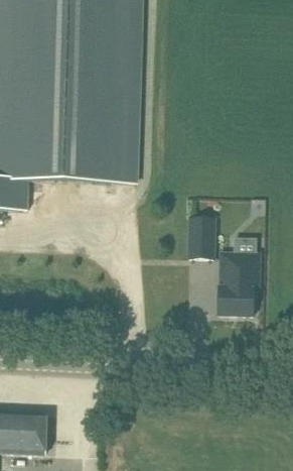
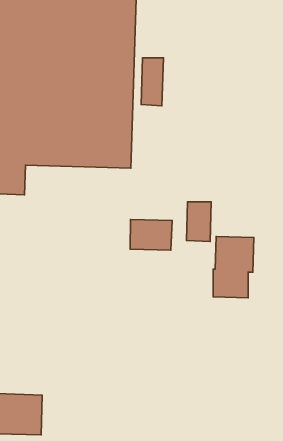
building: none -> [141,58,163,106]
building: none -> [130,219,172,250]

